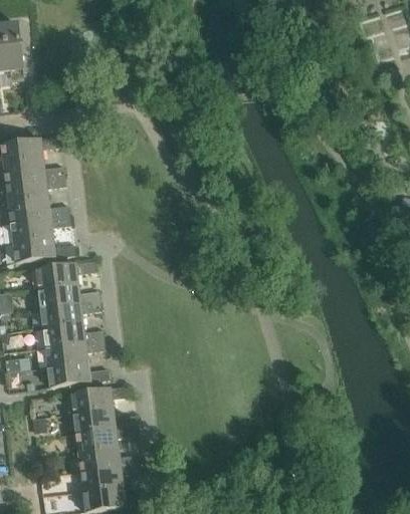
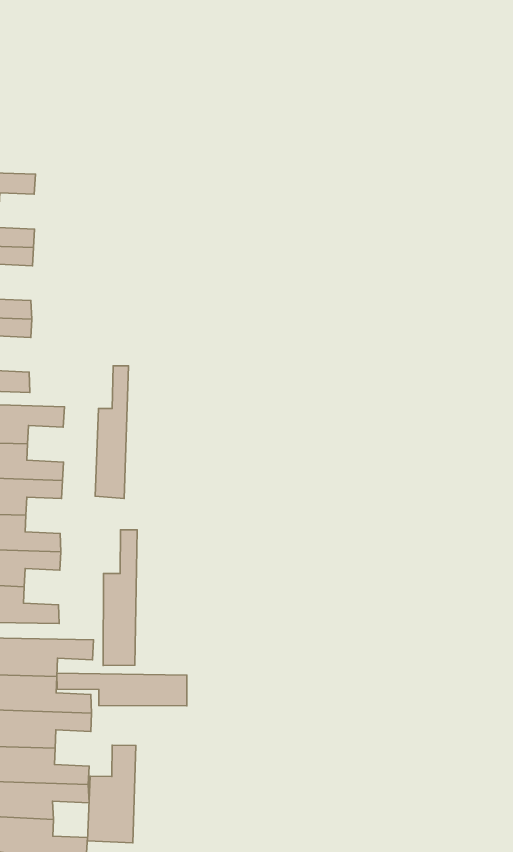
building: none -> [95,366,129,498]
building: none -> [103,530,137,665]
building: none -> [57,673,187,706]
building: none -> [87,745,136,843]

